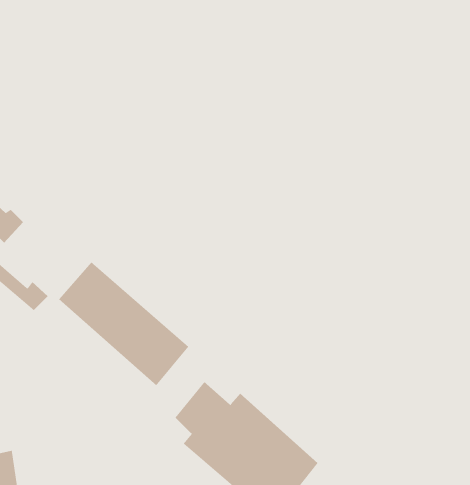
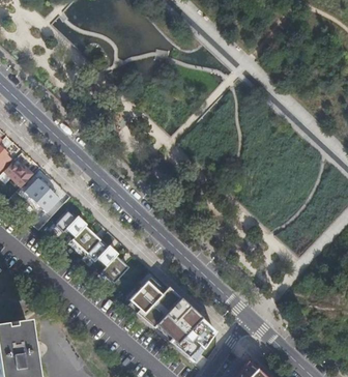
building: none -> [25,178,61,214]

